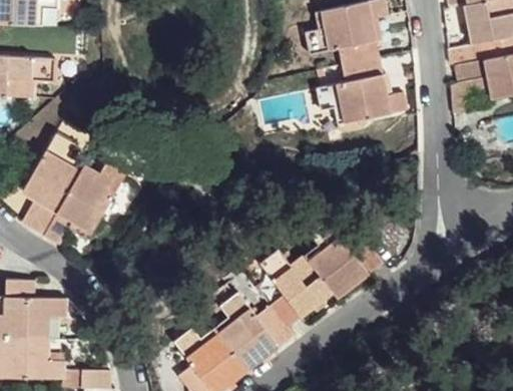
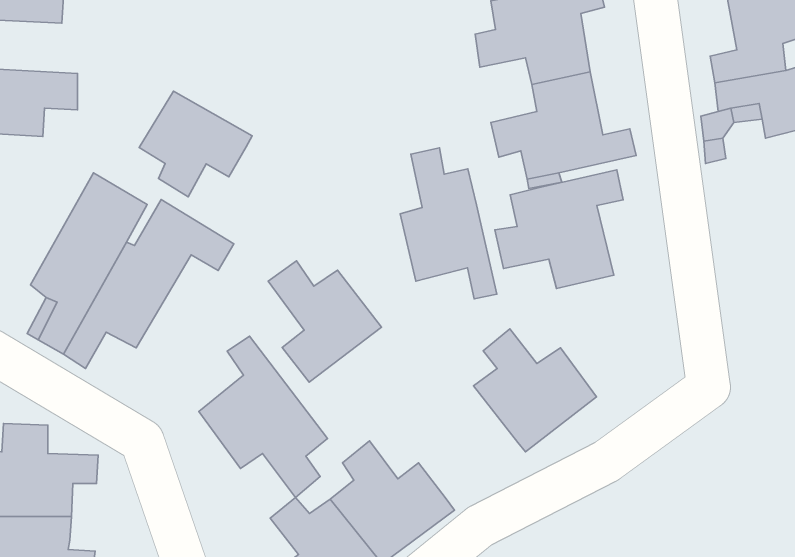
building: none -> [139,91,252,197]
building: none -> [400,148,497,299]
building: none -> [495,170,623,288]
building: none -> [199,336,328,498]
building: [262,250,334,327] -> [268,261,382,382]

